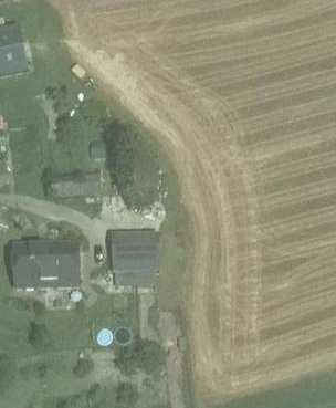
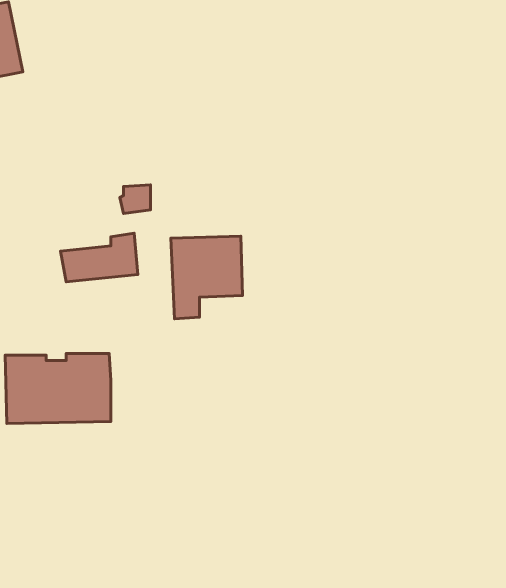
building: [112,234,156,285] -> [171,236,243,319]

